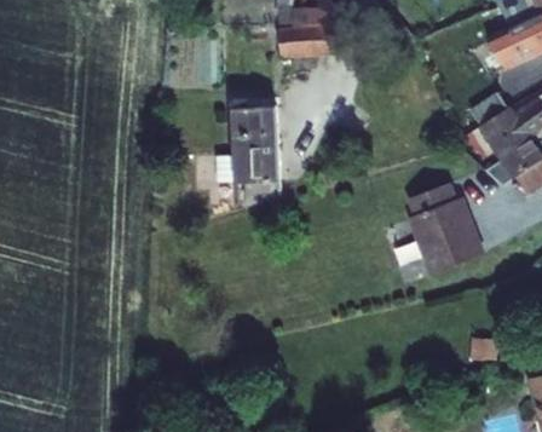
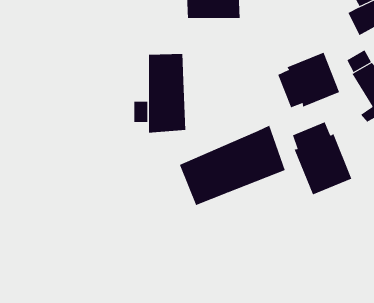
building: none -> [278,52,340,108]
building: none -> [179,125,286,206]

